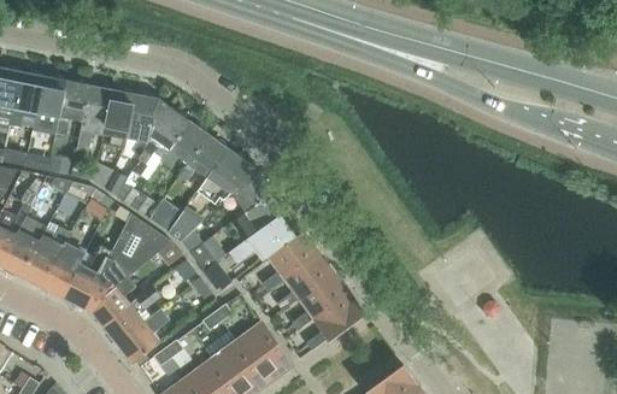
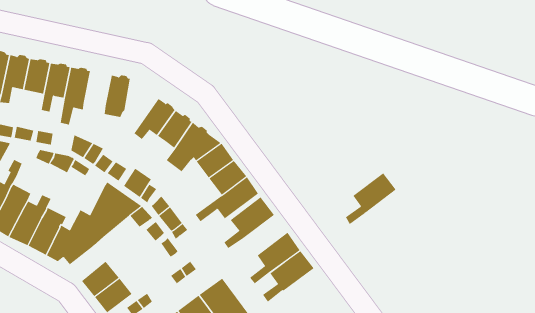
building: [104,89,135,149] -> none
building: [139,99,188,164] -> none
building: [276,252,334,311] -> [345,172,396,225]
building: [88,287,129,327] -> none

